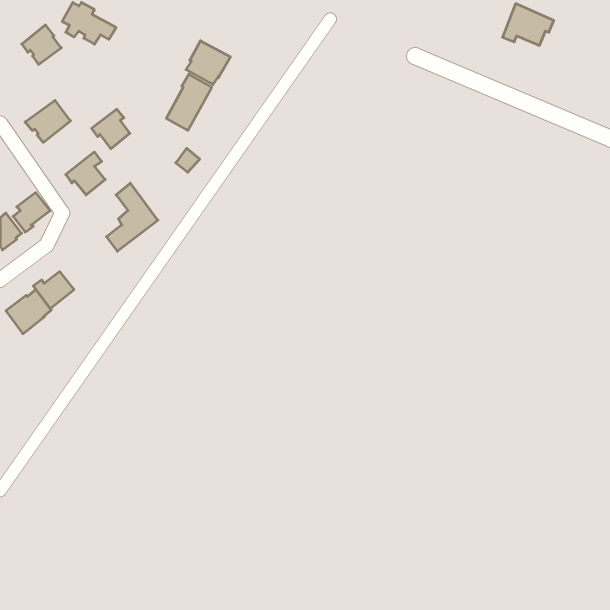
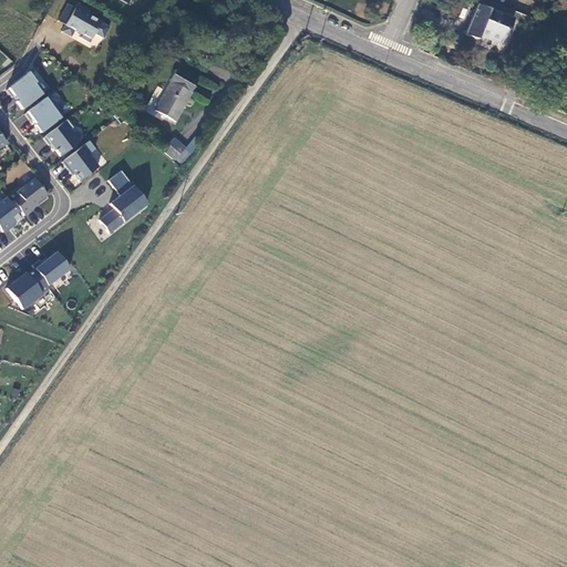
building: [22,25,61,64] -> [7,72,43,109]
building: [186,41,230,85] -> none
building: [92,109,130,149] -> [43,120,79,156]

